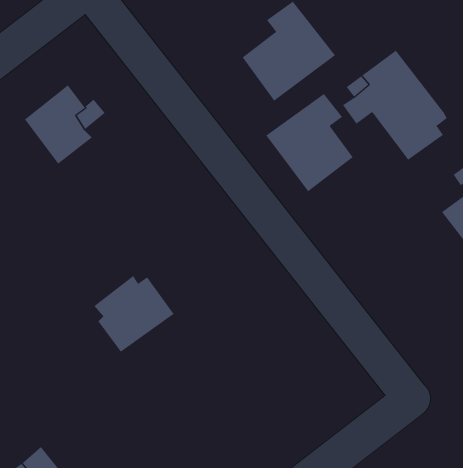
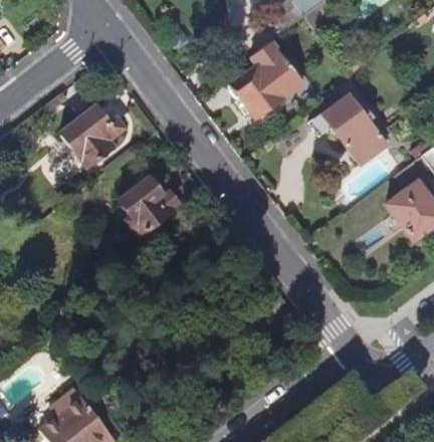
building: [266,93,353,192] -> none
building: [94,275,175,352] -> [118,176,181,236]

